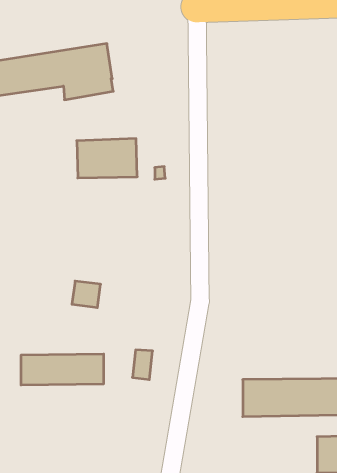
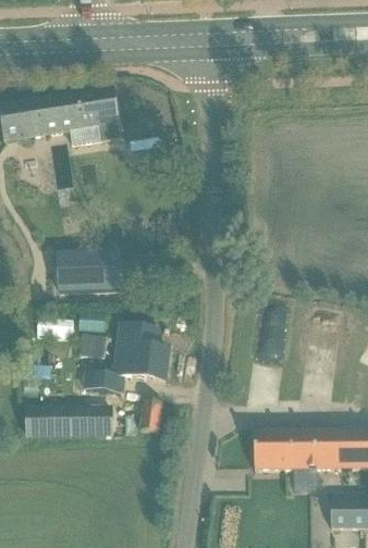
building: [77,139,137,178] -> [57,250,119,290]
building: none -> [85,325,168,394]

